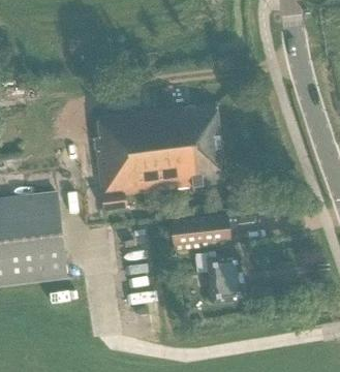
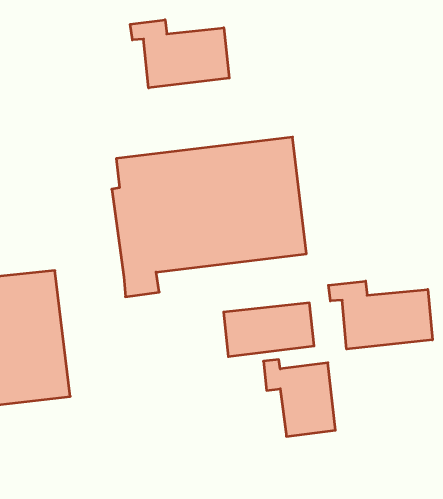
building: none -> [130,20,229,88]
building: none -> [328,281,432,349]

